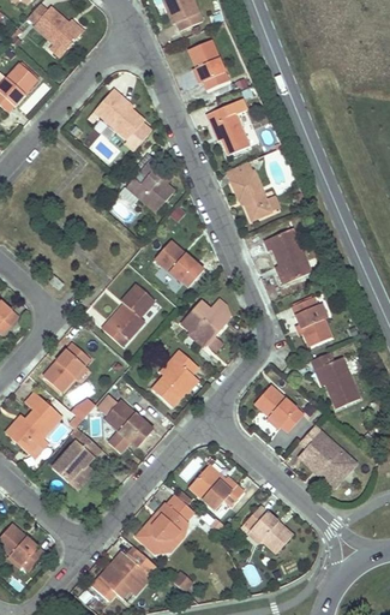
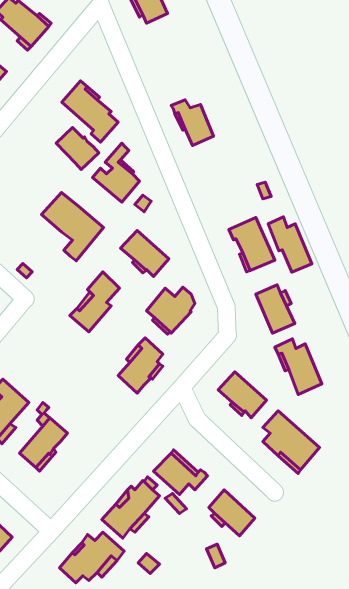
building: [190,40,228,89] -> none
building: none -> [56,128,99,169]
building: [227,162,271,219] -> [268,217,312,272]
building: none -> [41,192,104,261]
building: [44,342,91,390] -> none
building: [97,393,154,452] -> none

